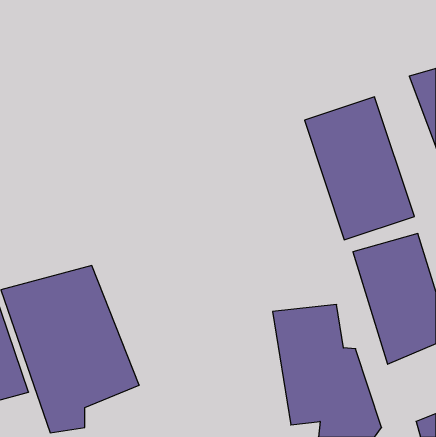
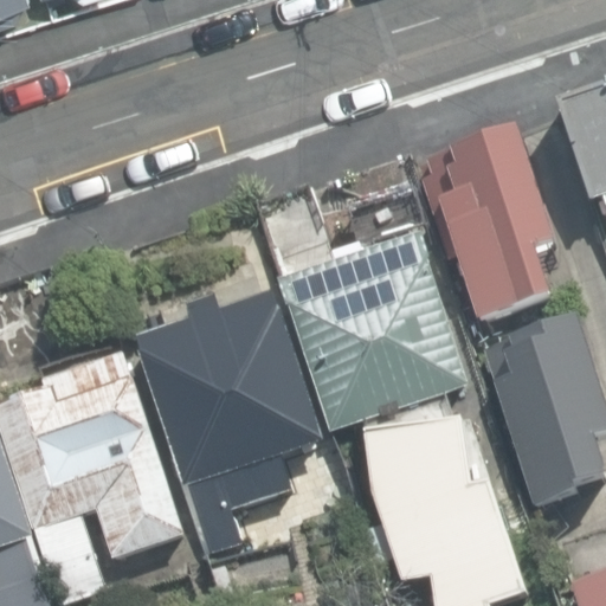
building: none -> [290,238,460,423]
building: none -> [136,301,334,523]

